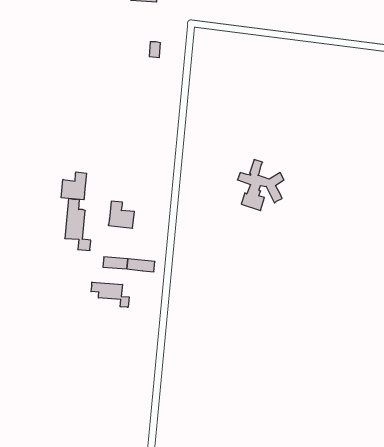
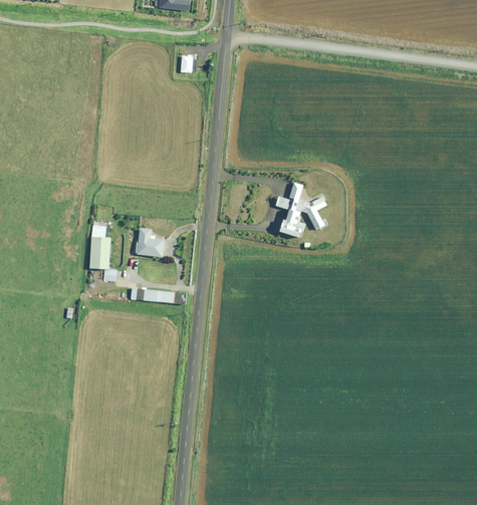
building: [61,172,86,200] -> none
building: [91,282,129,307] -> none

